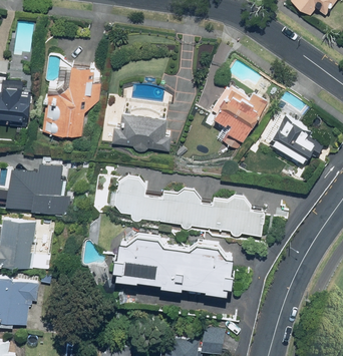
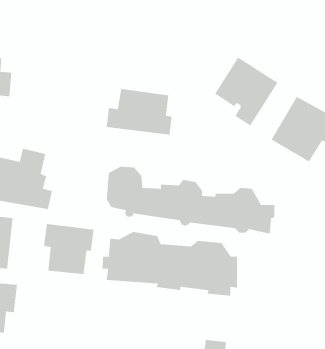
building: [46,59,101,137] -> none
building: none -> [43,223,94,275]

